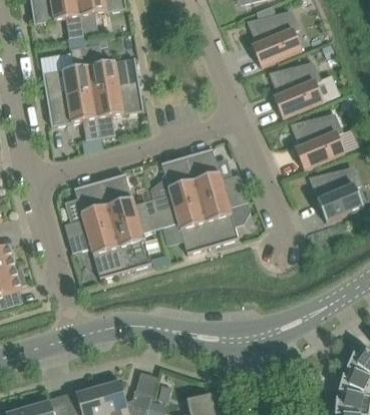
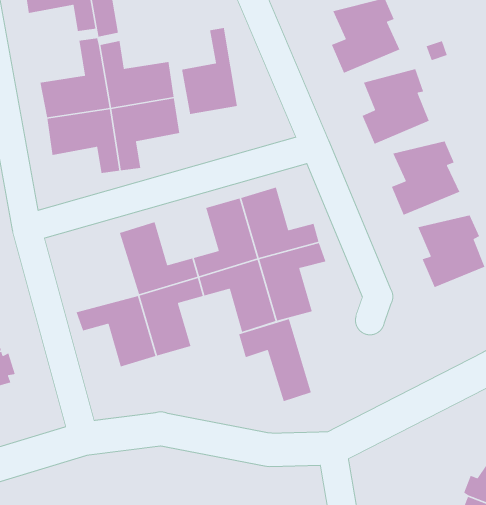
building: none -> [181,27,238,115]
building: [64,181,113,239] -> none
building: none -> [238,318,312,402]

